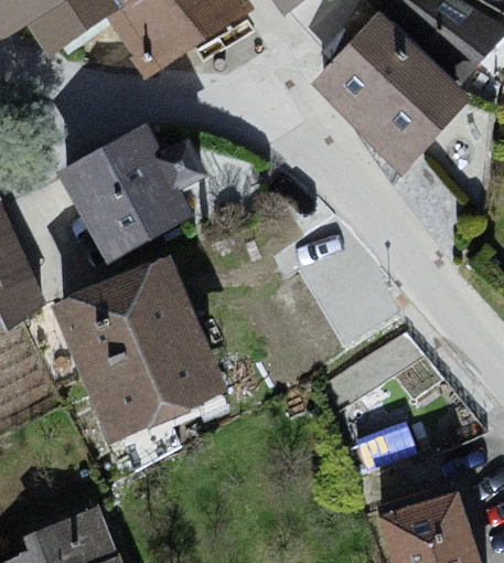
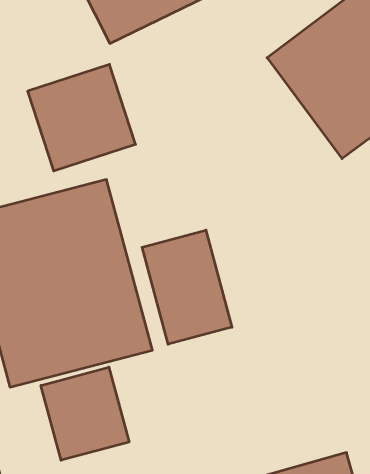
building: none -> [142,230,232,344]
building: none -> [41,367,129,460]

